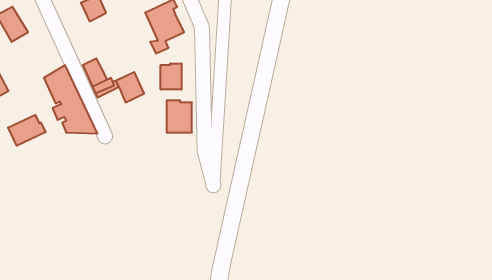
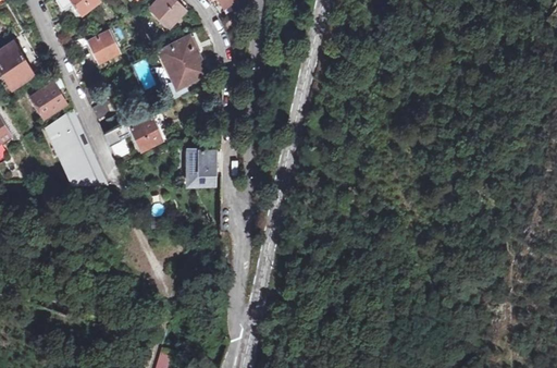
building: none -> [29,72,64,120]
building: [161,63,181,90] -> none
building: [8,115,46,146] -> none

